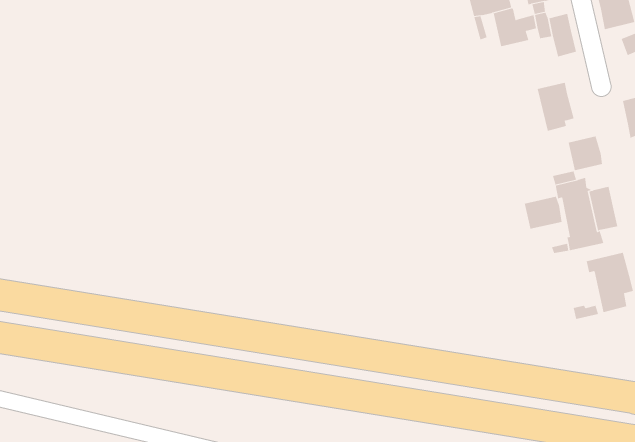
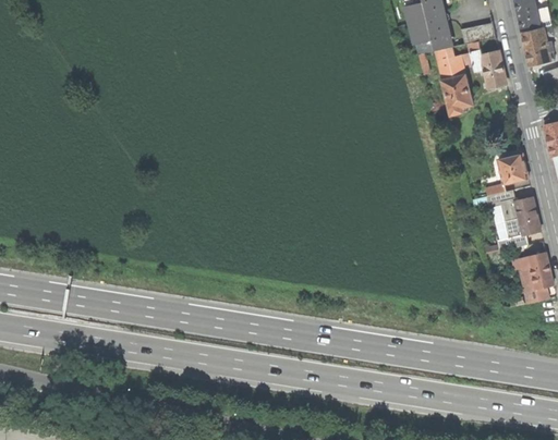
building: [537,82,574,131] -> [441,74,473,115]
building: [524,196,562,230] -> none

